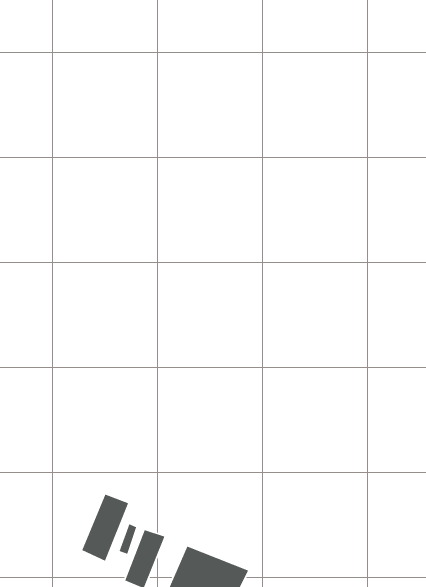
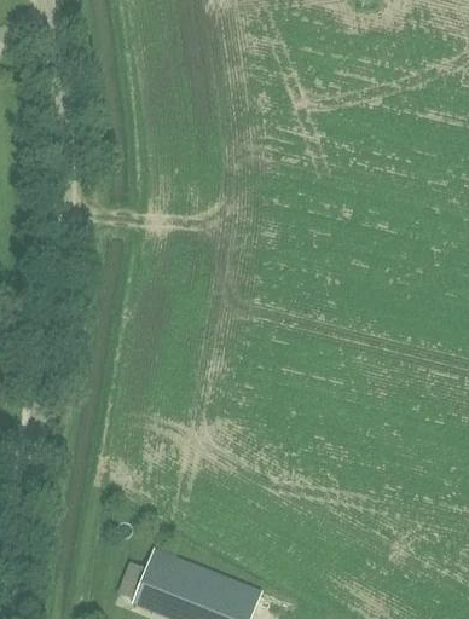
building: [81,493,129,562] -> none

